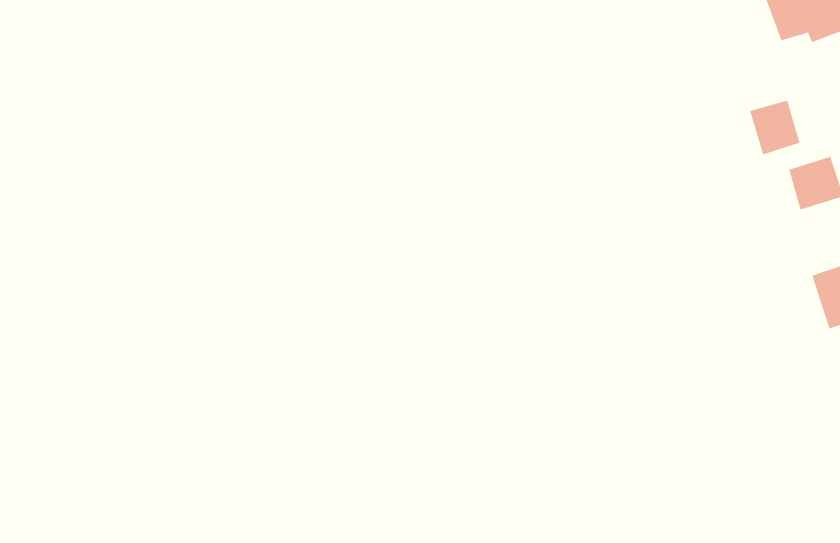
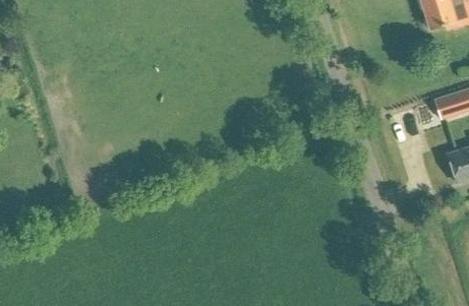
building: [749,100,800,155] -> none

